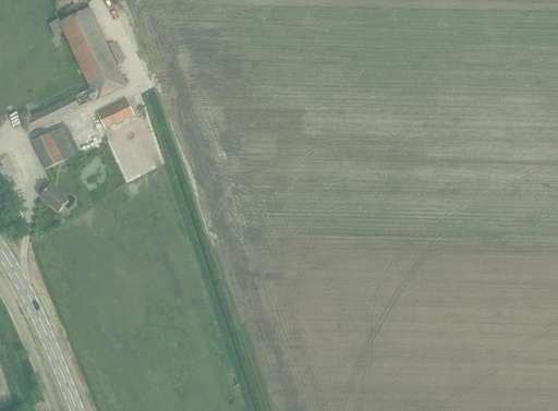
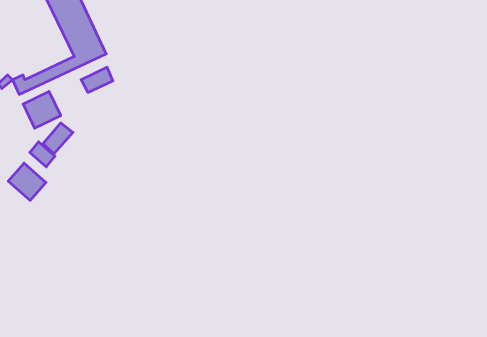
building: none -> [43,123,73,154]
building: none -> [8,163,46,200]

